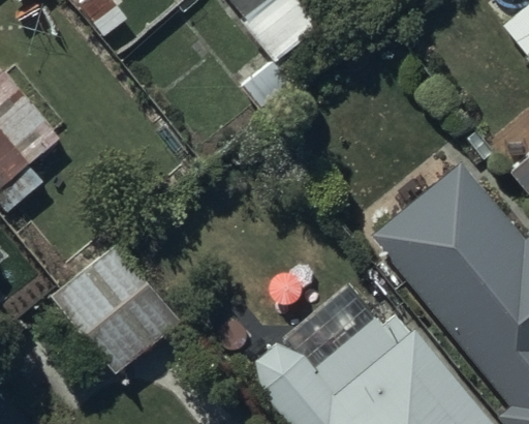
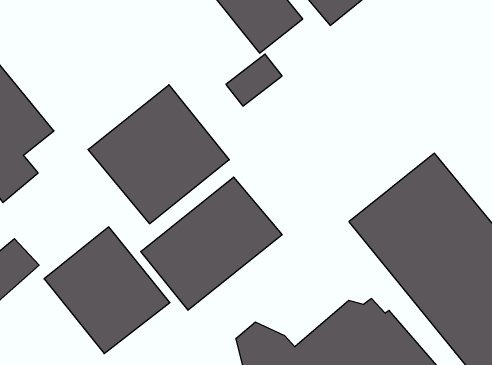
building: none -> [88,85,229,224]
building: none -> [141,177,282,310]

